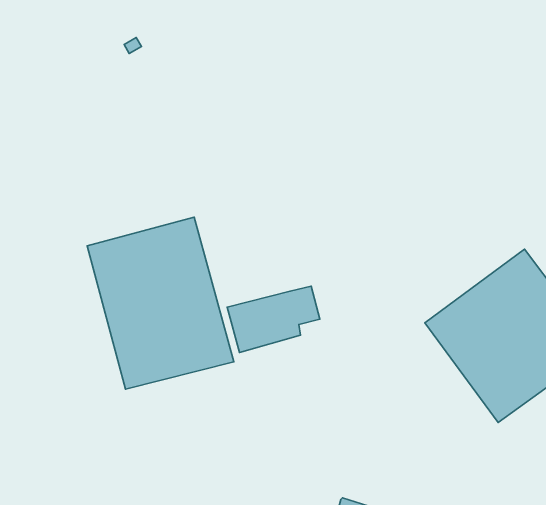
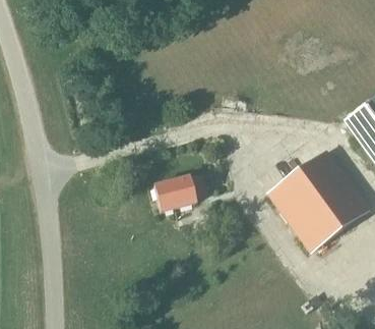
building: [87,217,234,389] -> none

